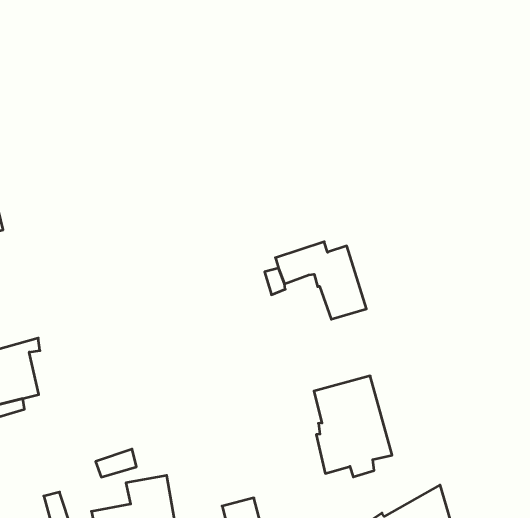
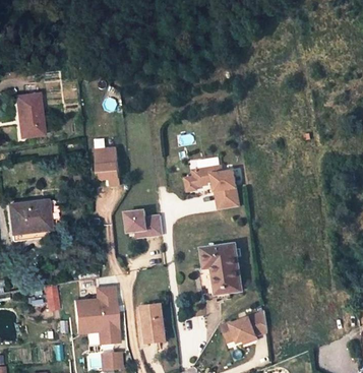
building: none -> [93,137,117,185]
building: none -> [121,207,162,236]

